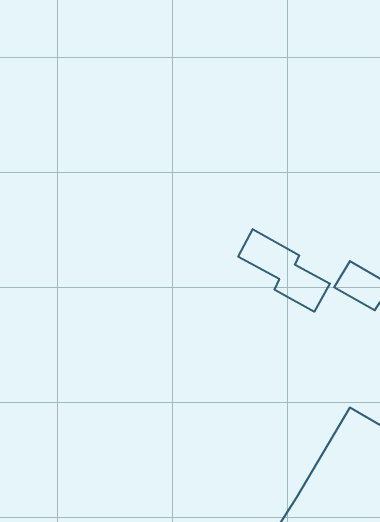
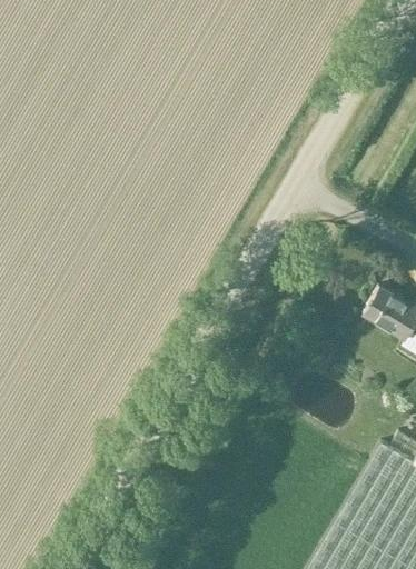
building: [238,229,330,312] -> none

